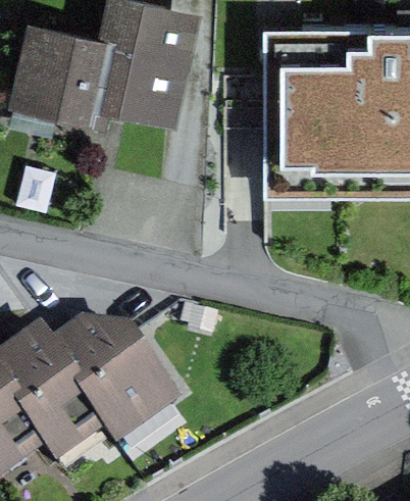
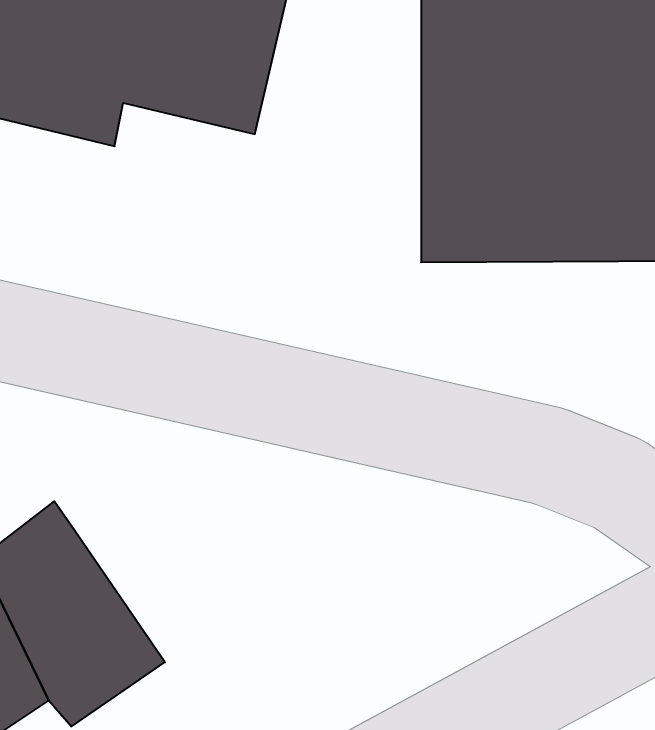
building: [66,322,193,452] -> none

